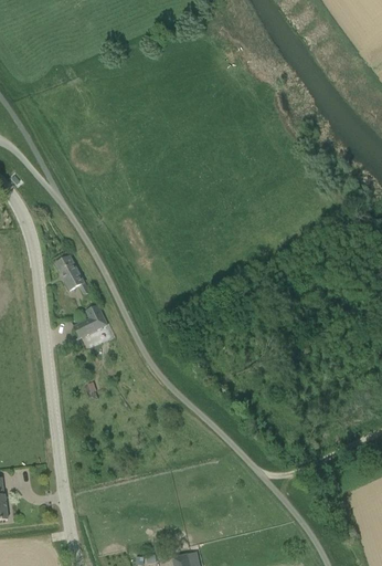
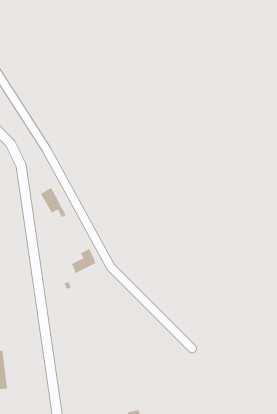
building: [73,304,107,338] -> [71,248,97,274]

